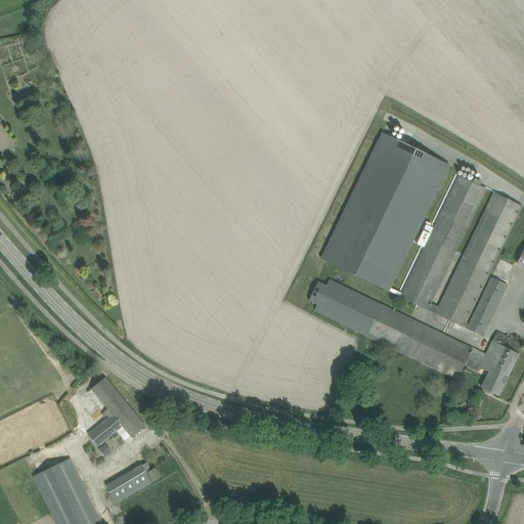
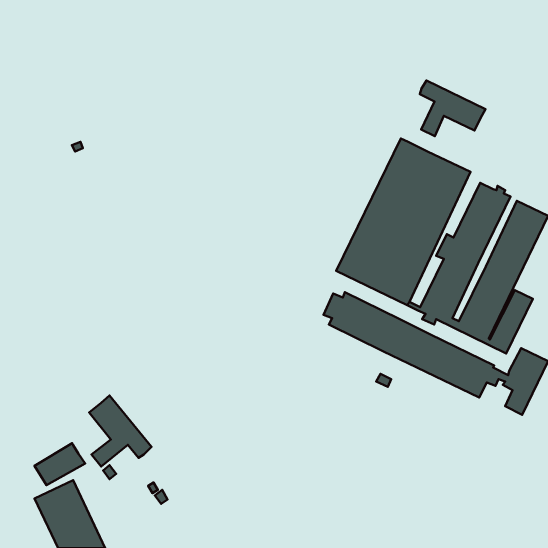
building: none -> [420,80,485,136]
building: [103,463,151,503] -> [35,443,85,485]

